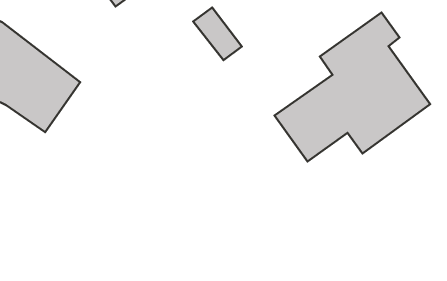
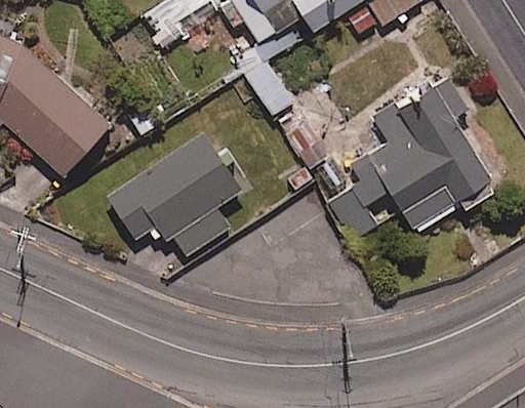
building: none -> [106,131,243,278]

